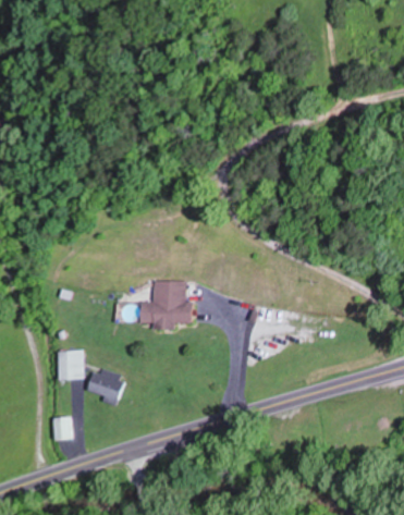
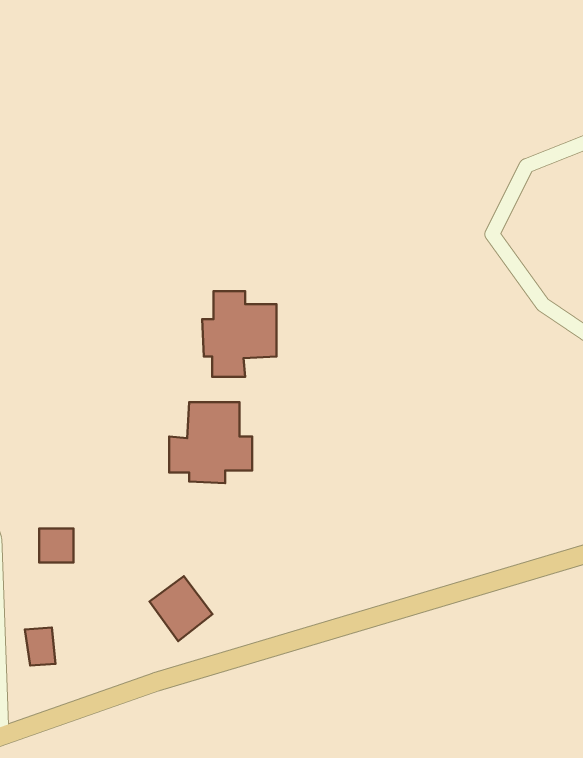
building: none -> [202,291,276,377]
building: [88,367,126,406] -> [149,576,213,641]

